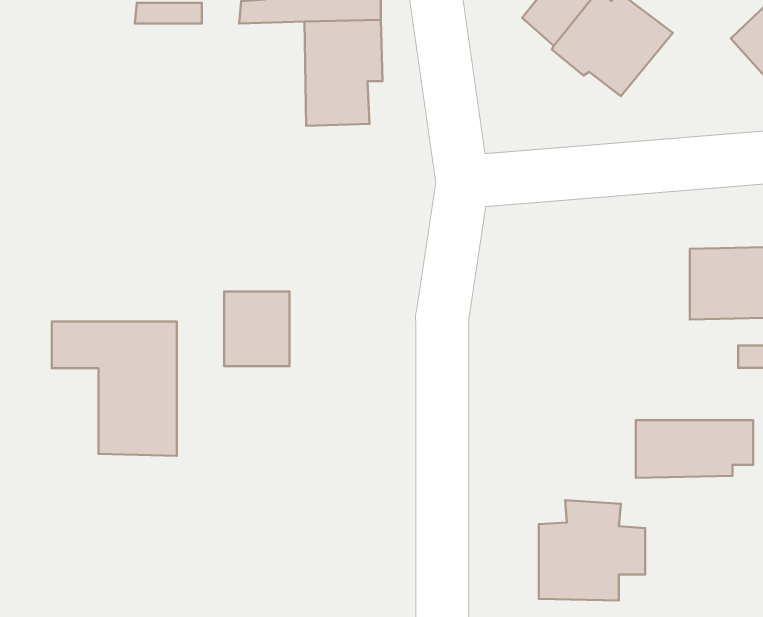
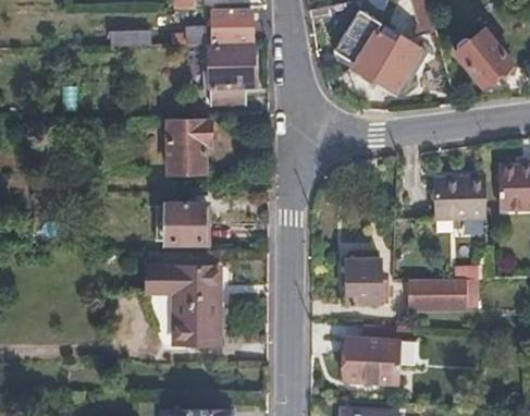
building: none -> [170,123,211,171]
building: [52,322,177,456] -> [148,267,221,345]
building: none -> [346,260,389,304]

